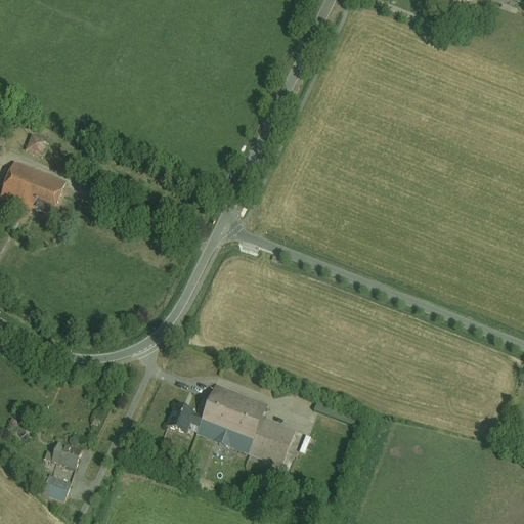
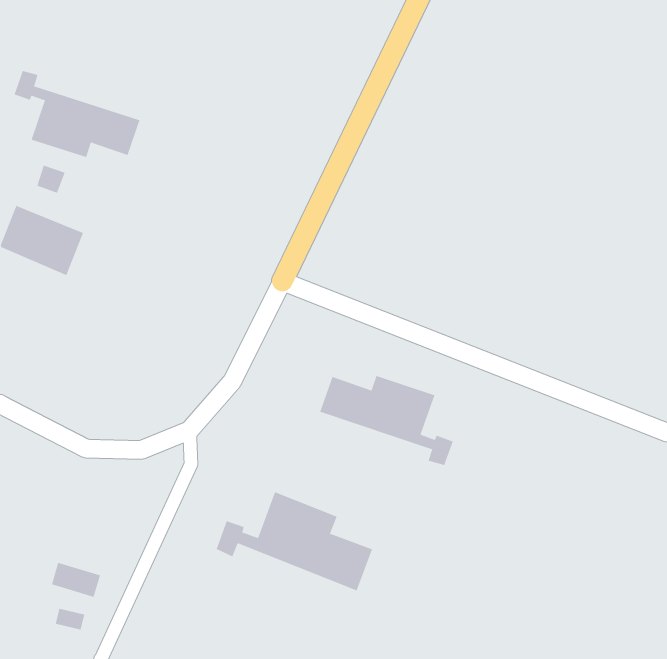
building: none -> [14,70,140,158]
building: none -> [319,375,453,466]

